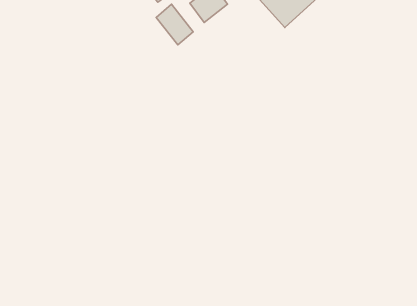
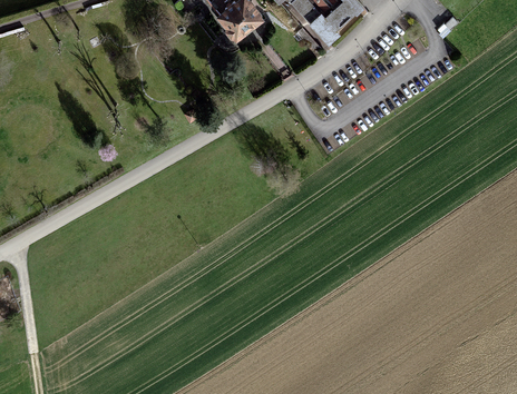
building: [156,4,193,45] -> none

